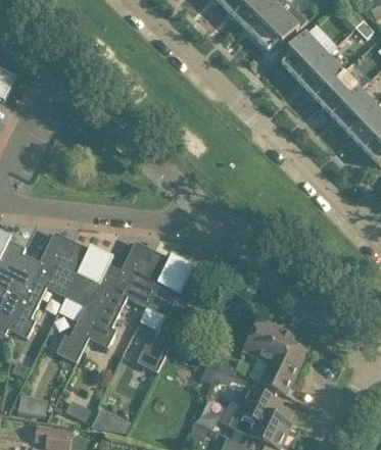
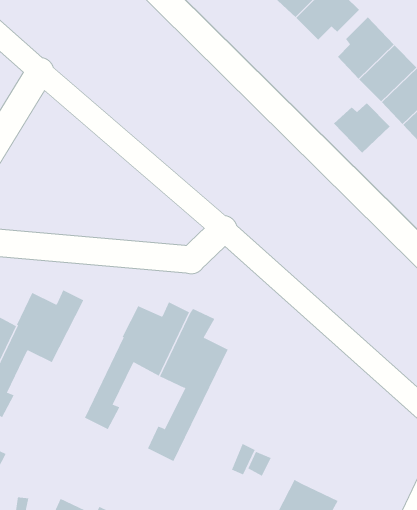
building: none -> [333,102,390,153]
building: [56,244,118,362] -> none
building: [243,317,306,393] -> none

